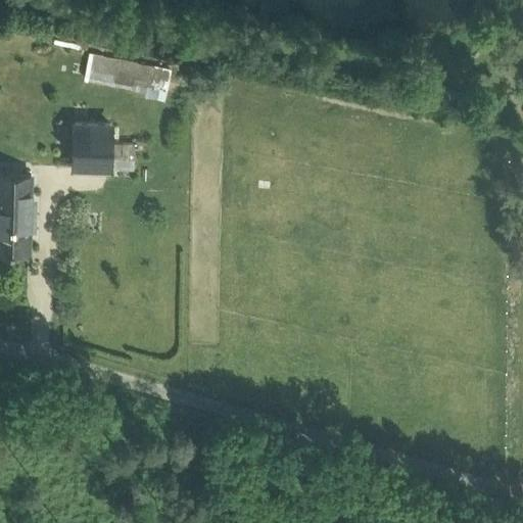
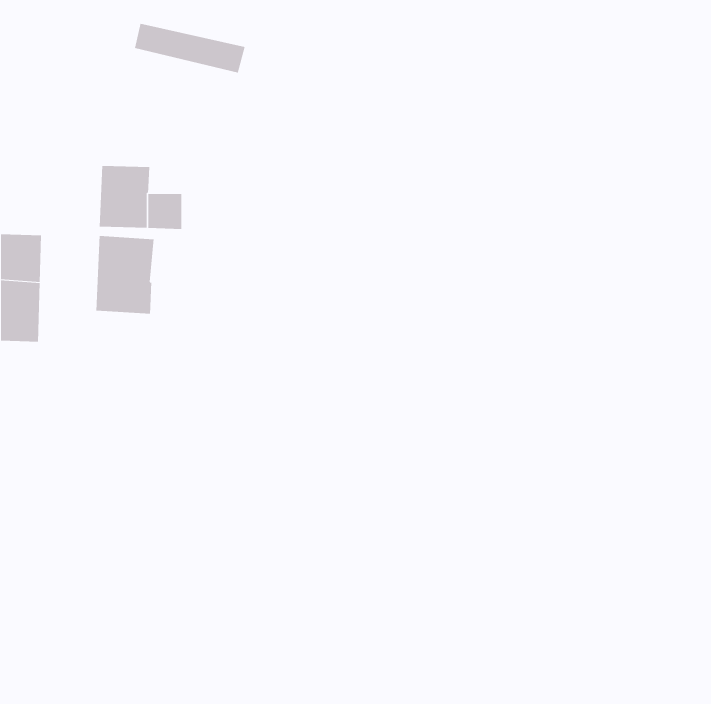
building: [88,54,170,91] -> [134,23,245,73]
building: none -> [96,235,154,315]

